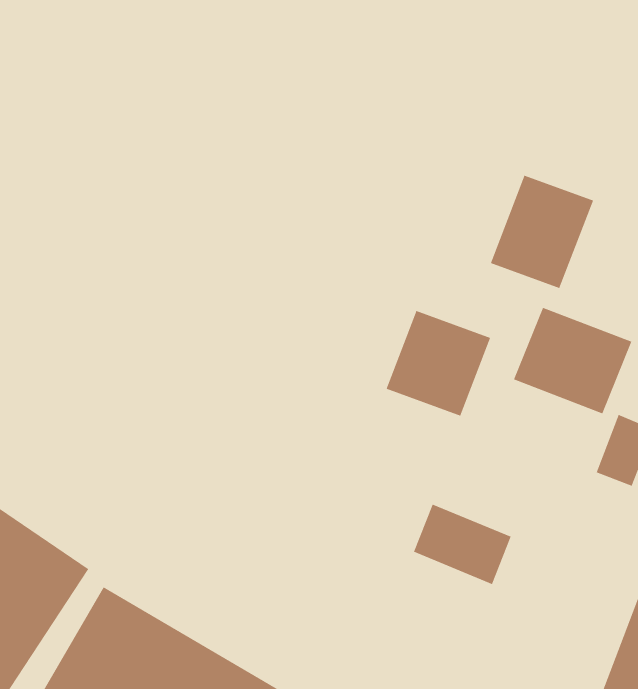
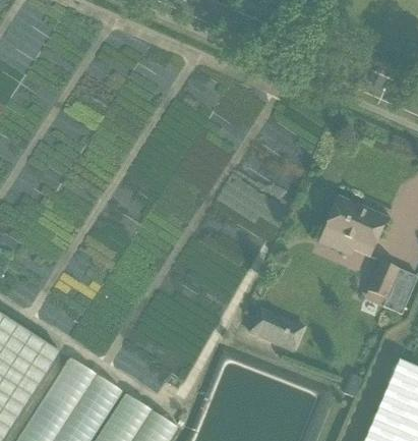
building: [490,175,594,289] -> none
building: [386,310,491,416] -> none

